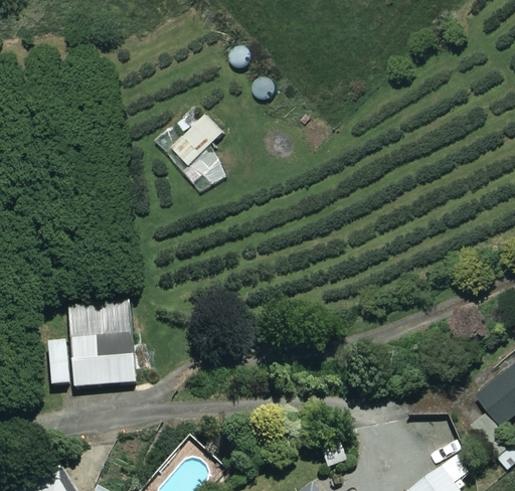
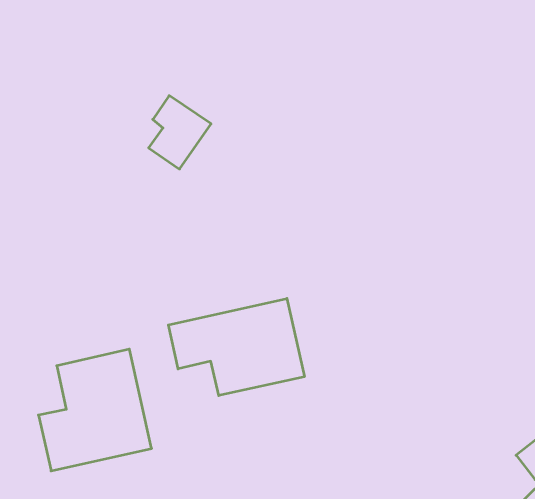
building: none -> [168,298,304,396]

